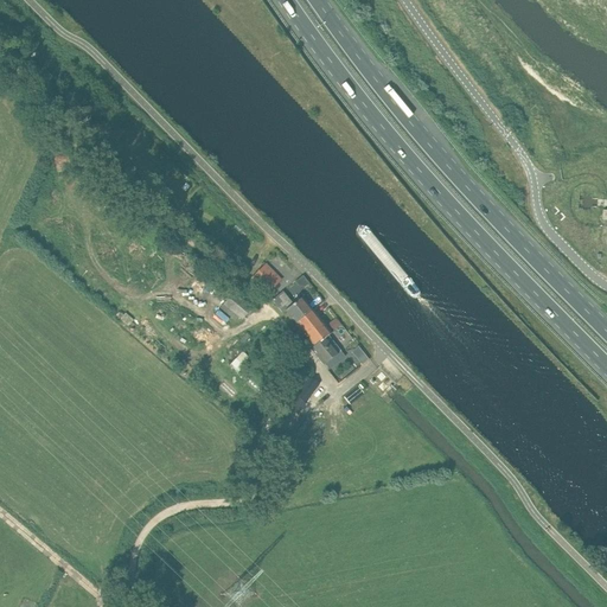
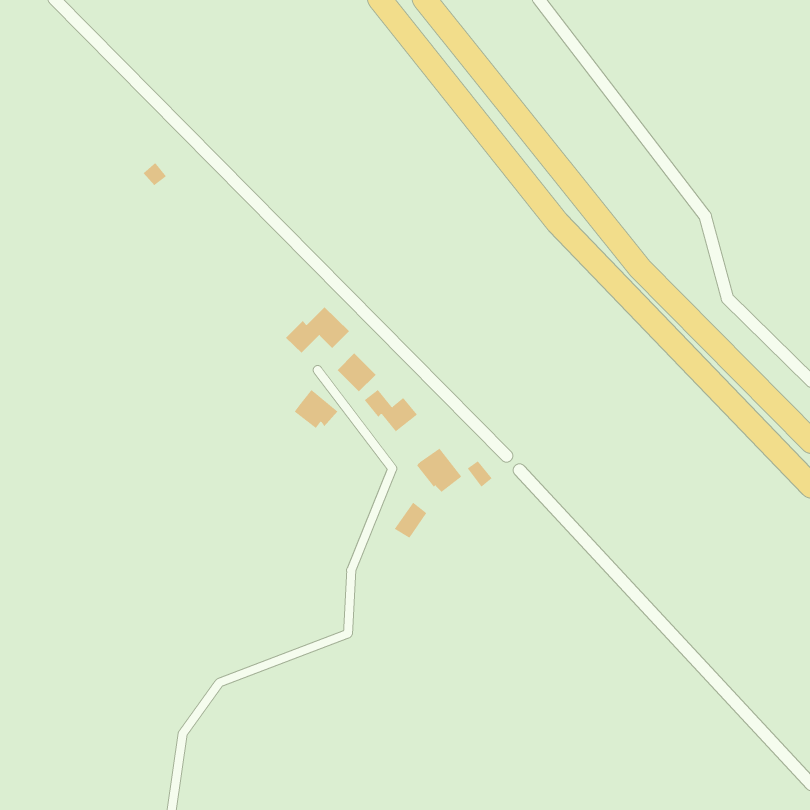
building: none -> [285,307,350,354]
building: [296,309,332,345] -> none

